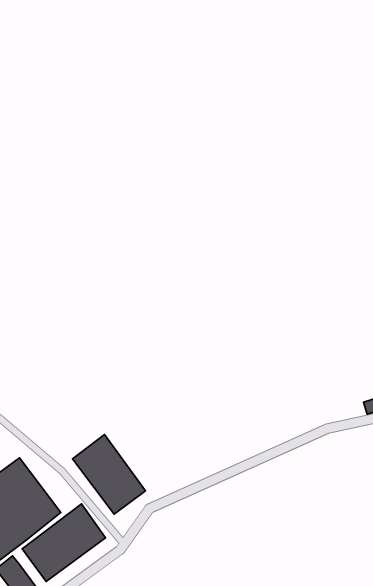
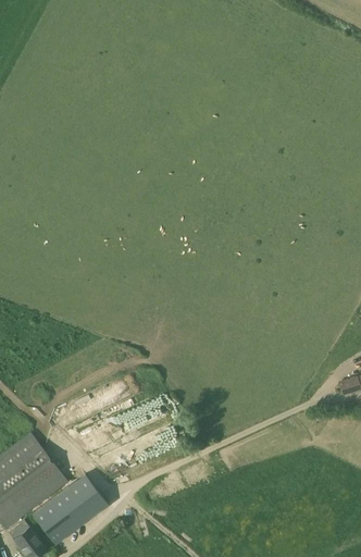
building: [73,434,146,514] -> none

